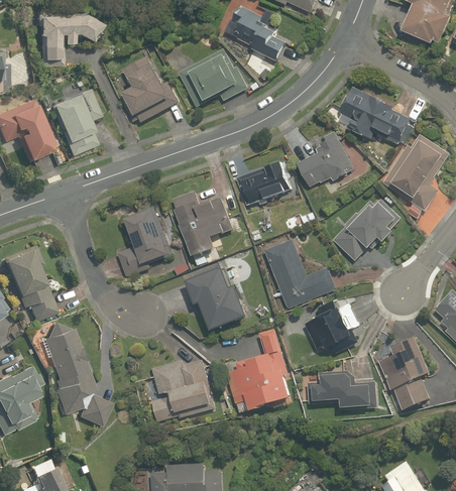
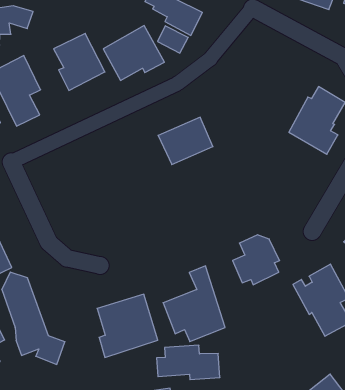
building: [340,88,413,145] -> none
building: [298,130,353,190] -> none
building: [170,180,240,260] -> none
building: [328,192,402,264] -> none
building: [117,205,173,274] -> none
building: [260,237,339,310] -> none
building: [187,268,248,331] -> none
building: [305,371,375,409] -> [157,345,220,380]

